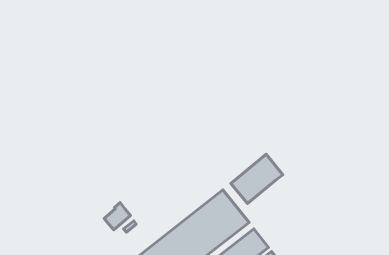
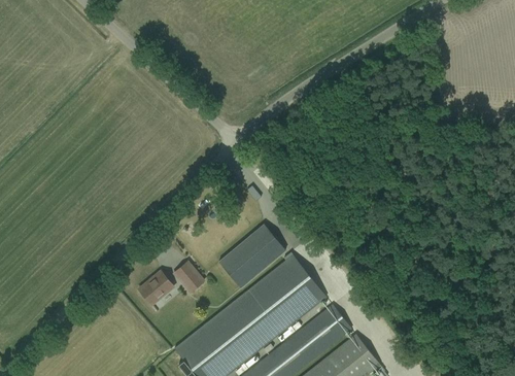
building: [231,154,283,204] -> [217,225,284,288]
building: none -> [172,263,203,294]

